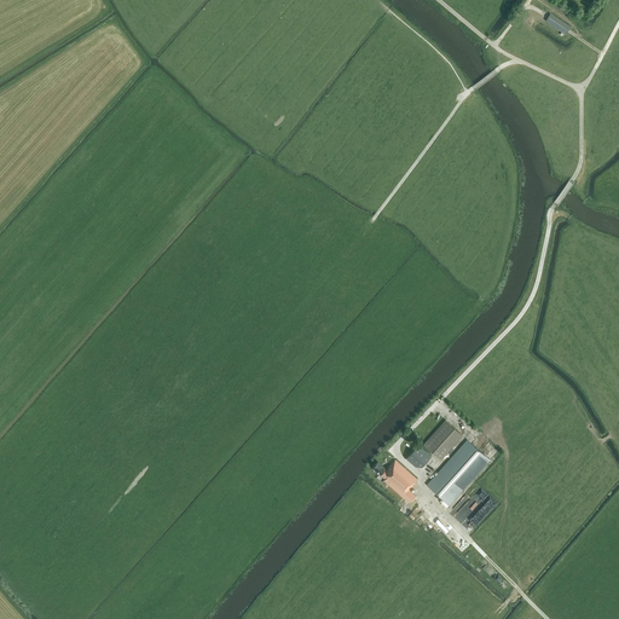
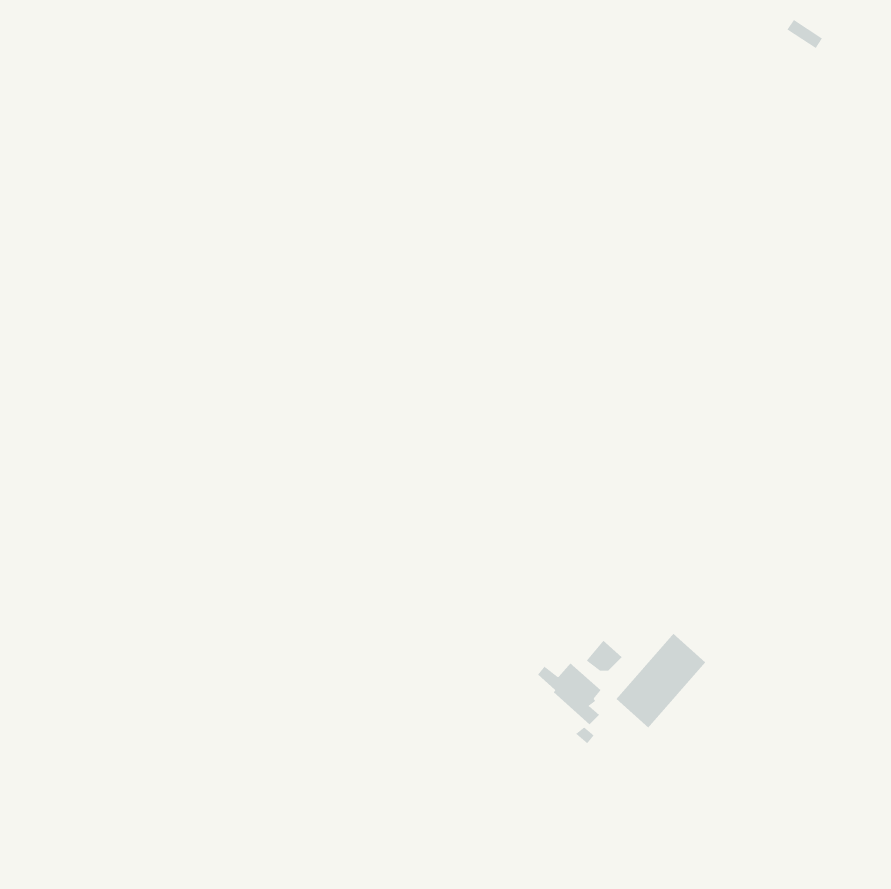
building: [423,421,463,461] -> none

